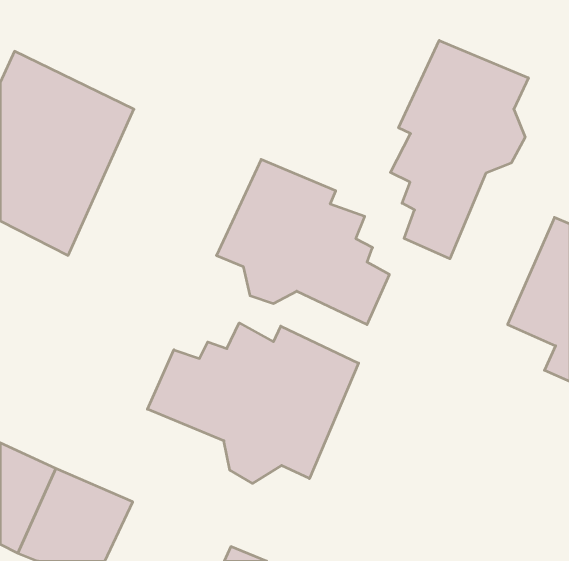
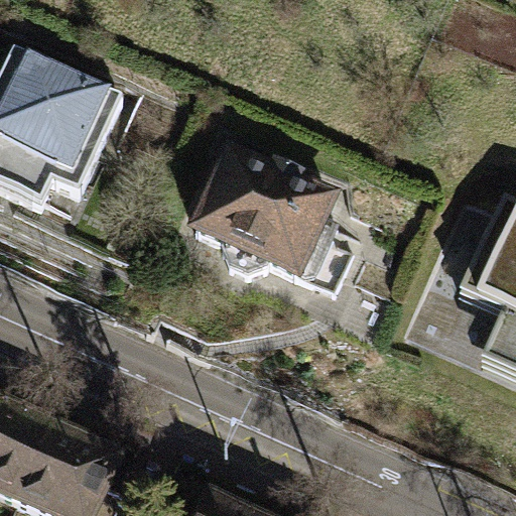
building: [390,40,528,259] -> none
building: [147,323,359,483] -> none

